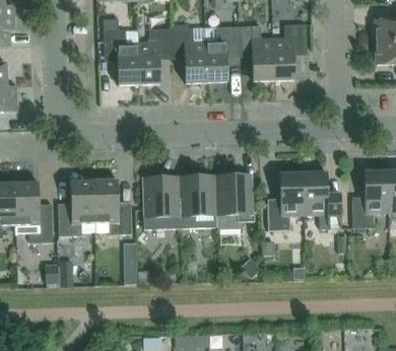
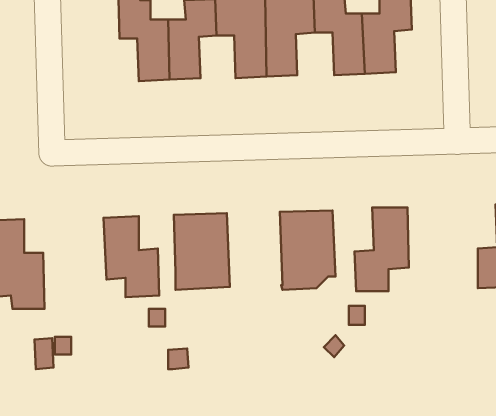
building: [304,171,341,229] -> none
building: [179,176,217,227] -> none
building: [58,180,96,235] -> none

